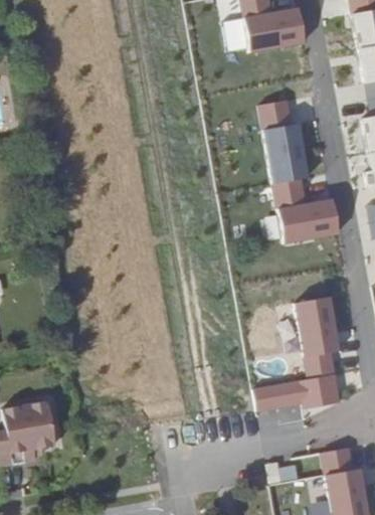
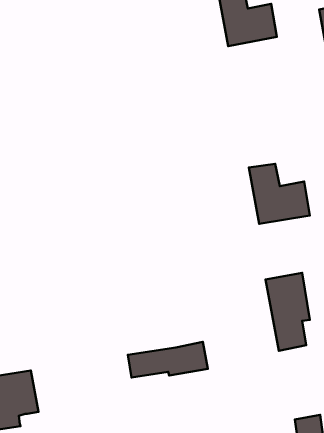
building: [261,101,311,183] -> none
building: [255,373,341,411] -> [128,342,208,377]

